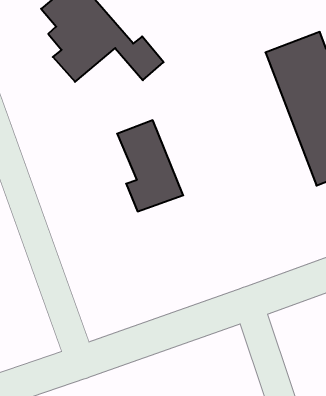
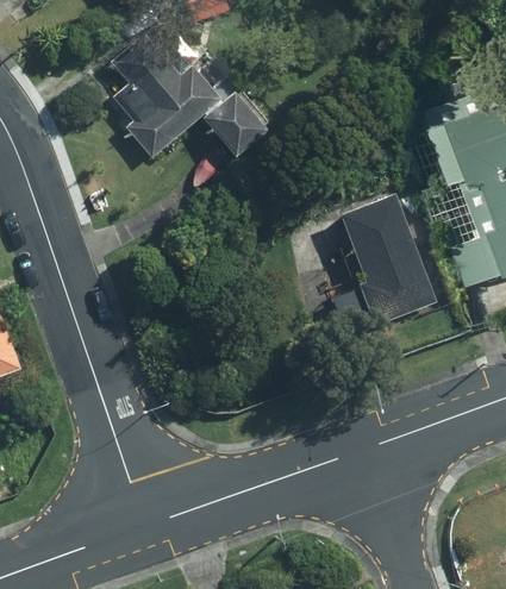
building: [117,120,183,211] -> [345,205,433,326]

